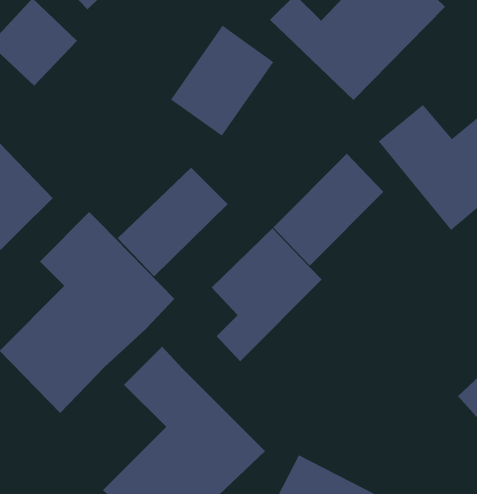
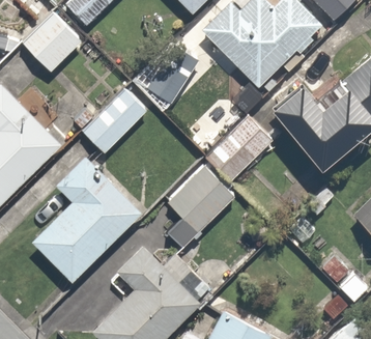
building: [117,167,229,277] -> [79,84,150,154]

